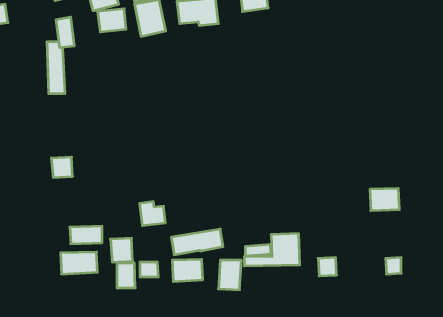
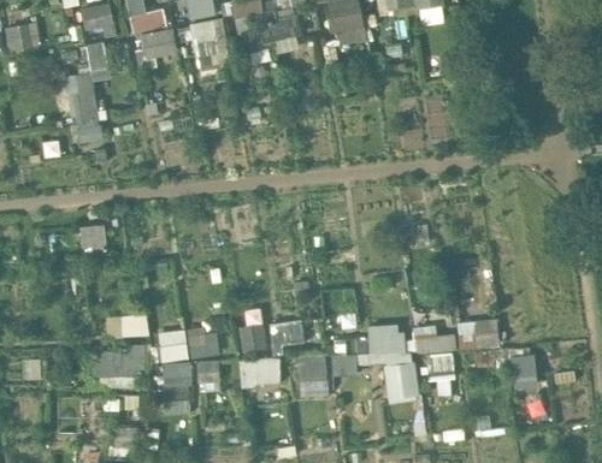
building: [370,188,399,211] -> [461,320,500,349]
building: [140,202,165,226] -> [185,327,219,358]
building: none -> [413,327,454,352]
building: none -> [383,363,418,399]

